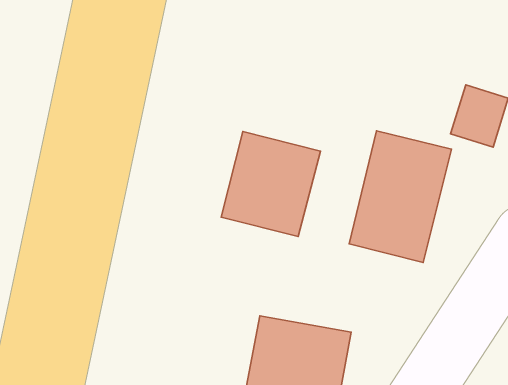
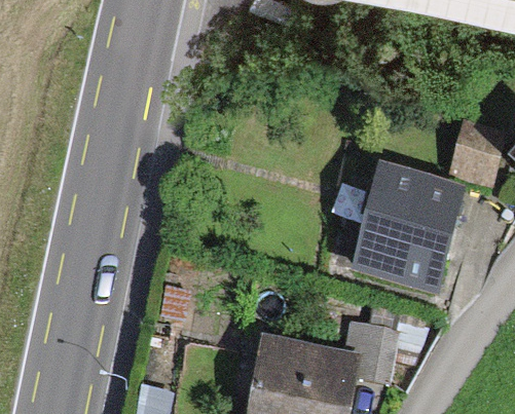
building: [221,132,321,236] -> none

